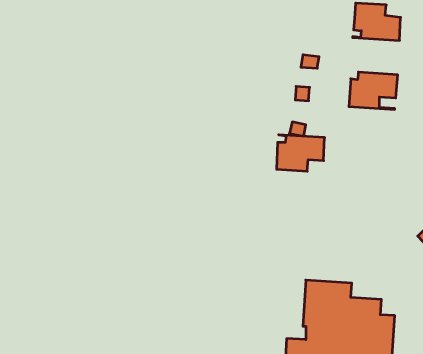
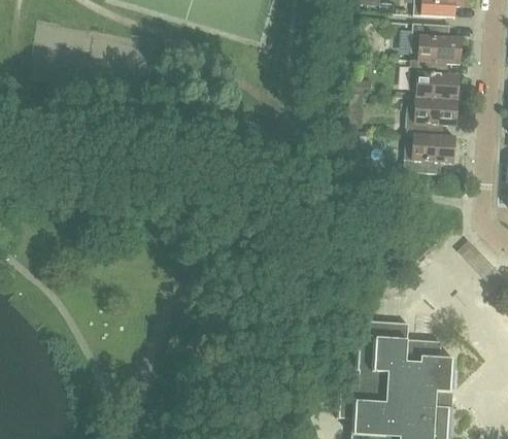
building: none -> [408,60,460,100]
building: [277,135,325,171] -> [403,134,454,173]

